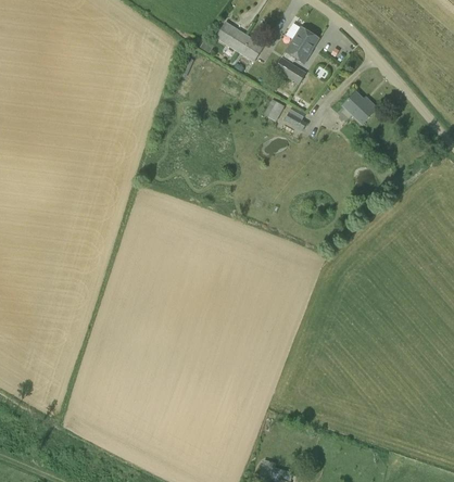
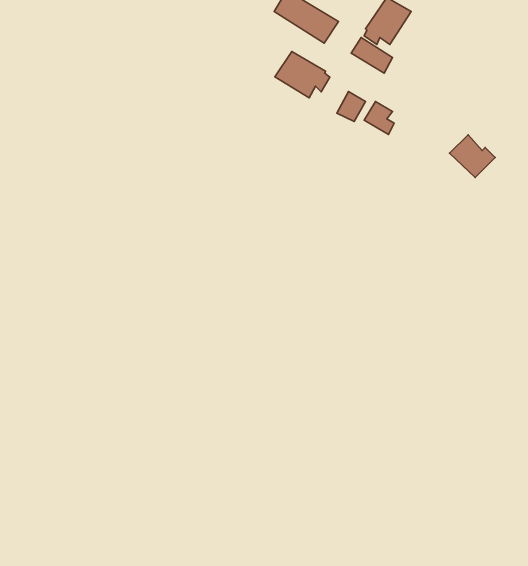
building: none -> [275,51,330,98]
building: [342,90,377,123] -> [449,135,495,178]

